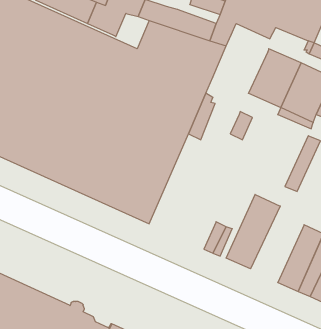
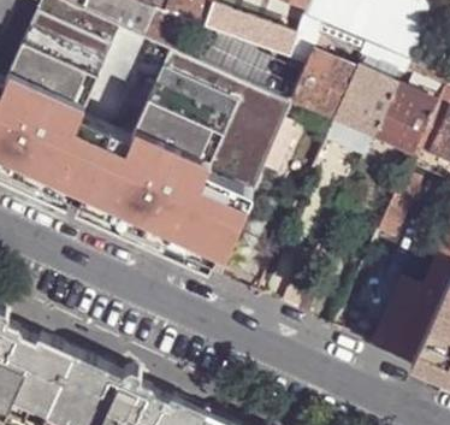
building: none -> [294,46,359,116]
building: [226,194,280,269] -> none

